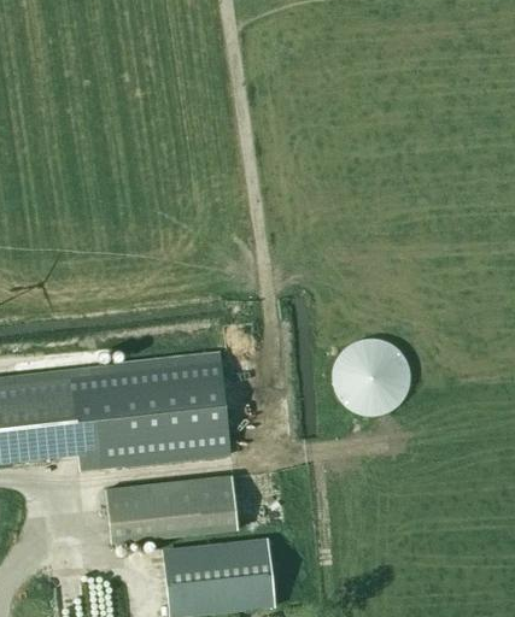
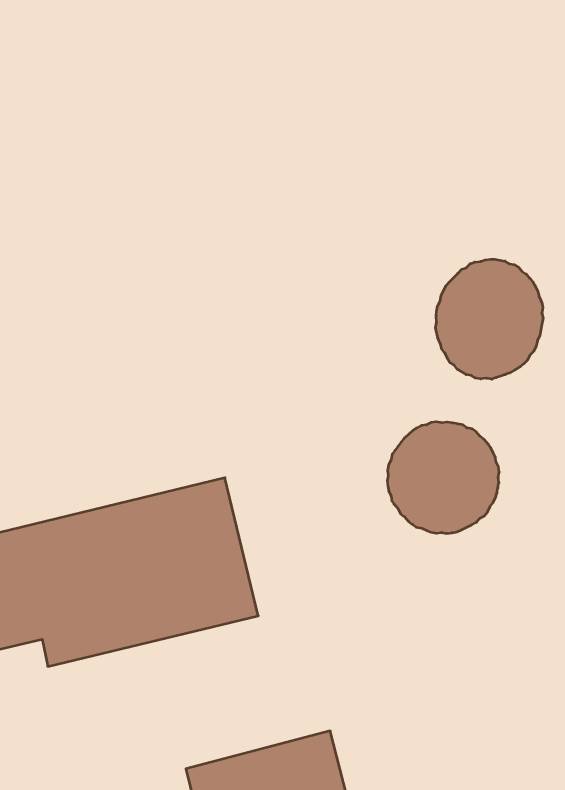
building: none -> [436,259,543,379]
building: [106,475,238,541] -> none

